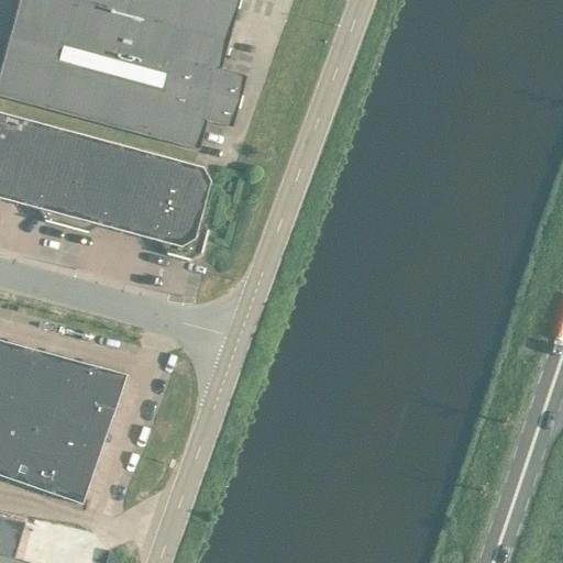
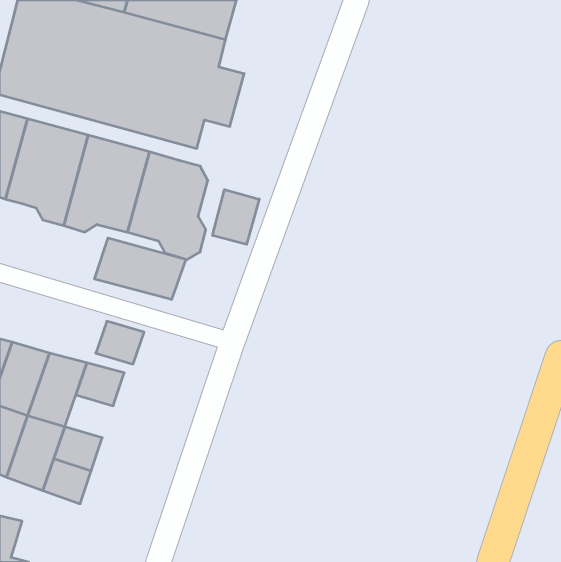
building: none -> [213,190,259,244]
building: none -> [95,238,186,300]
building: [65,395,113,438] -> [96,321,144,364]

